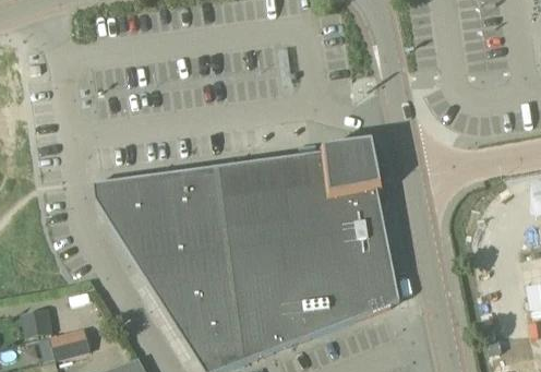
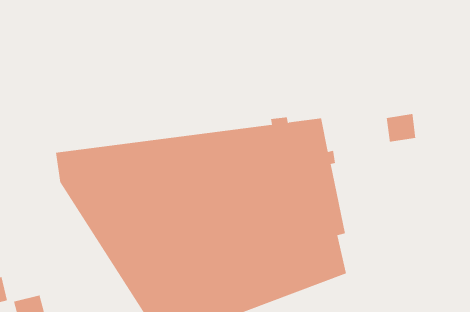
building: none -> [386,113,416,143]

